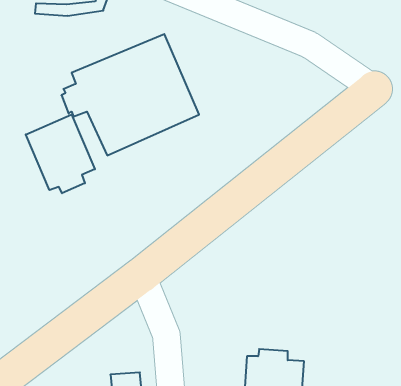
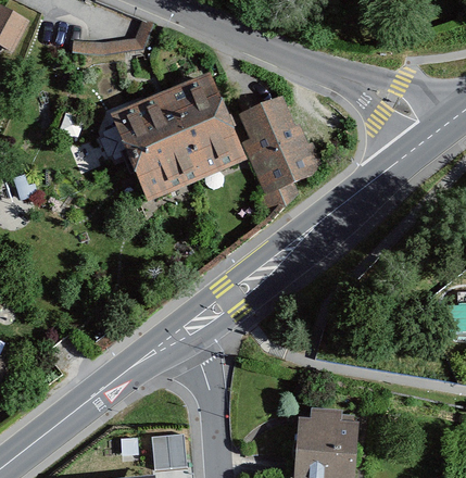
building: none -> [230,95,322,205]
building: [26,115,95,193] -> none

